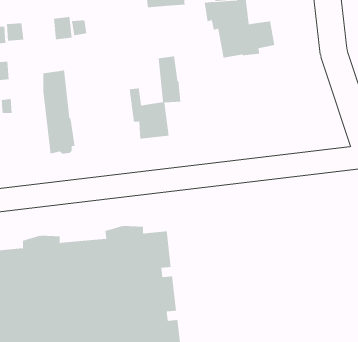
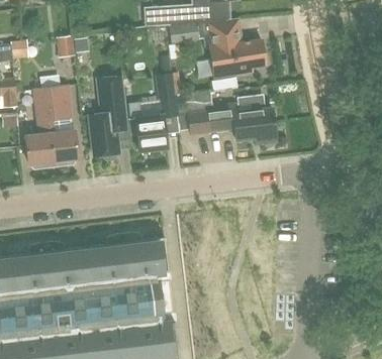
building: none -> [88,77,127,160]
building: none -> [25,89,53,169]
building: none -> [175,94,275,143]

